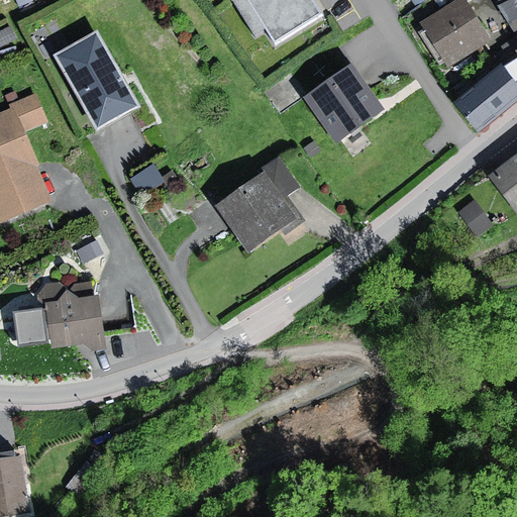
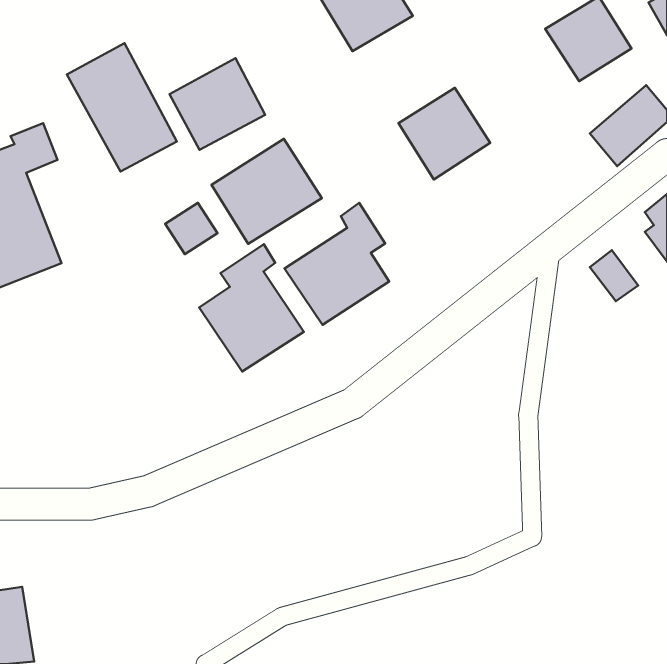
building: none -> [169,58,265,150]
building: none -> [211,139,322,244]
building: none -> [199,244,304,372]
building: [16,285,98,348] -> none

